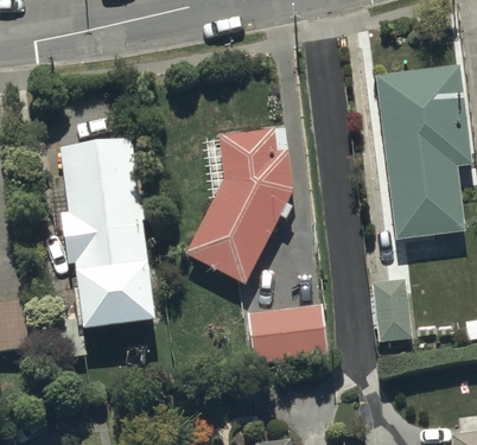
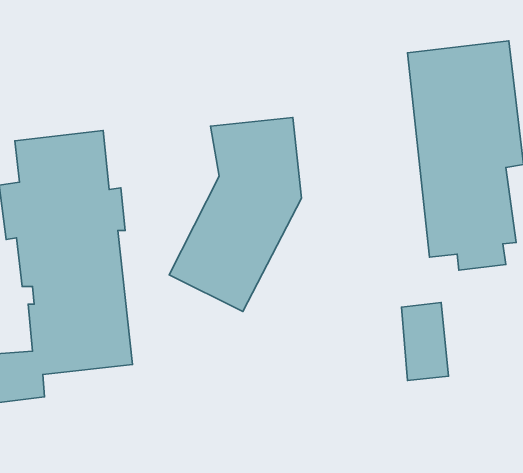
building: [247,301,326,362] -> none

